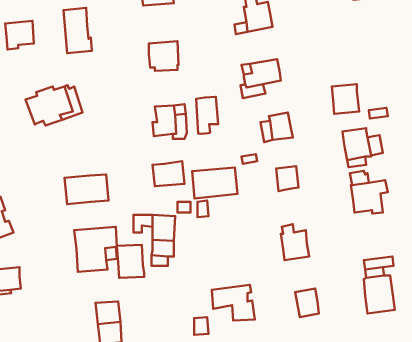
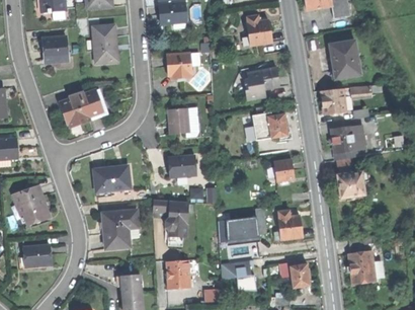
building: none -> [329,40,360,79]
building: [196,97,218,134] -> none
building: [192,168,237,198] -> [218,217,256,243]
building: [117,245,144,278] -> [166,259,189,288]

